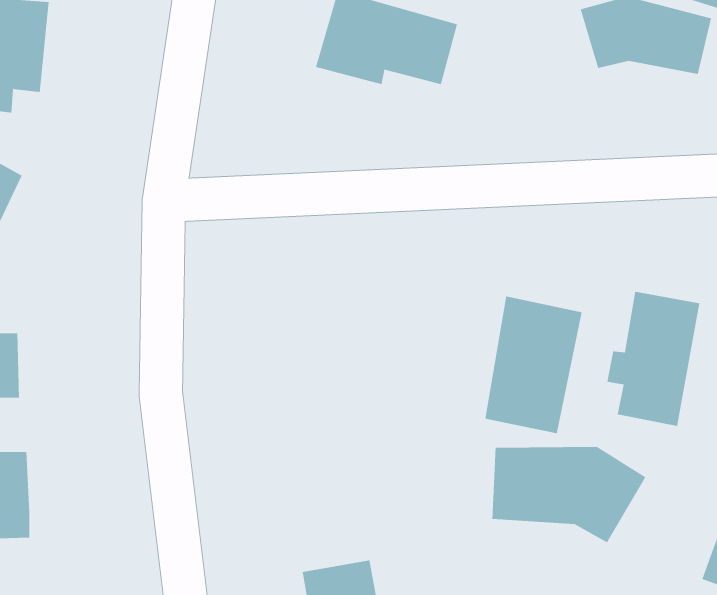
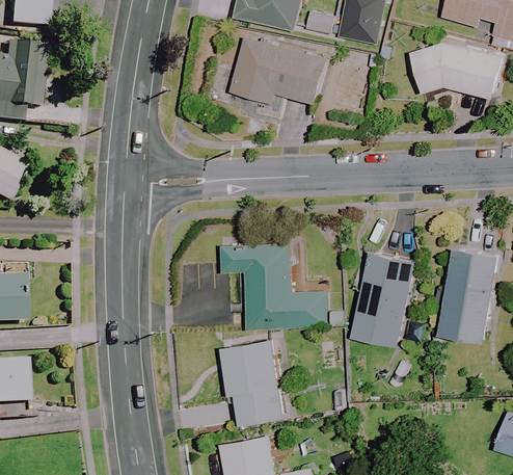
building: none -> [221,242,328,328]
building: none -> [219,338,282,424]
building: [492,446,646,543] -> none

